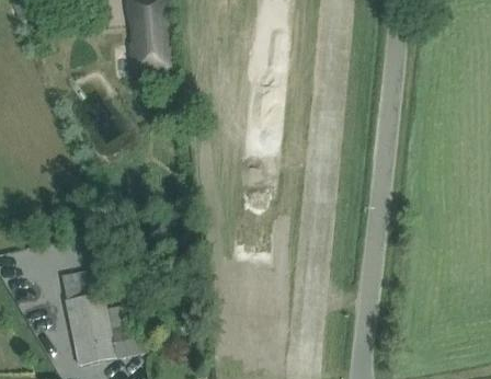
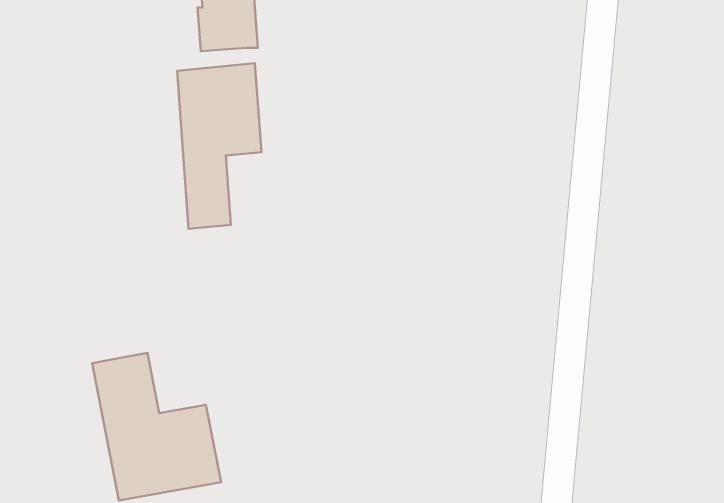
building: none -> [177,63,261,229]

